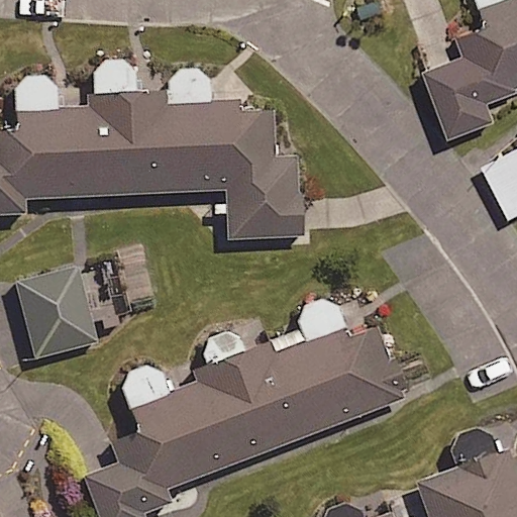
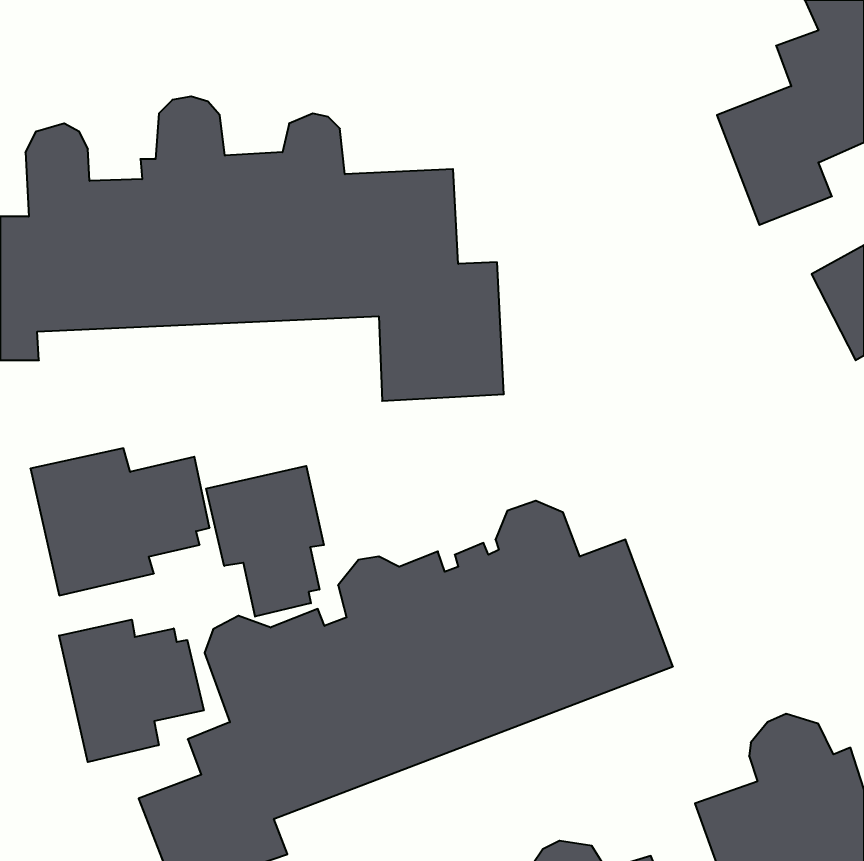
building: none -> [206,466,324,617]
building: none -> [59,620,204,762]

